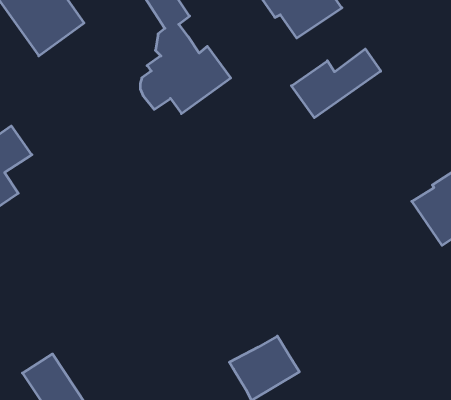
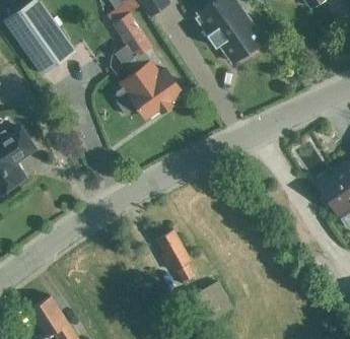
building: [291,49,381,118] -> none
building: none -> [157,229,196,285]

